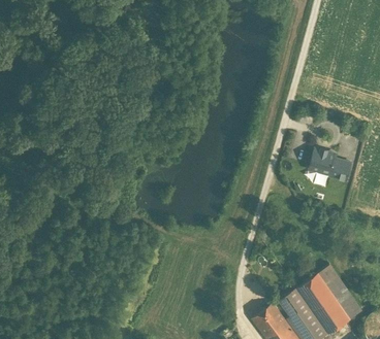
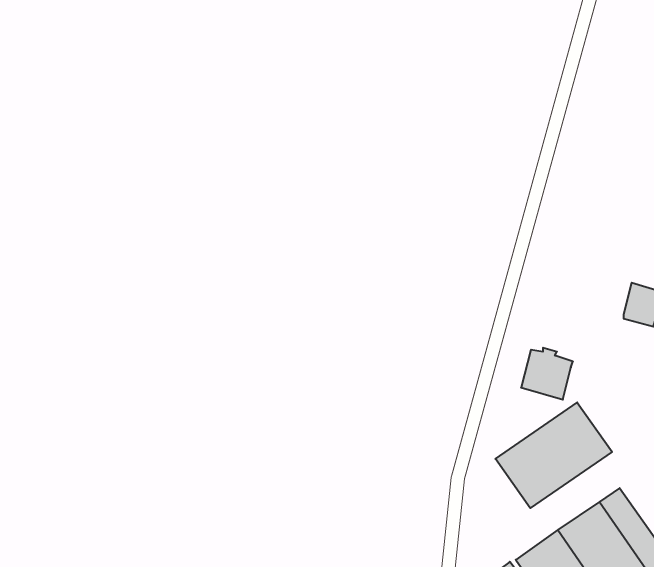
building: [310,150,337,177] -> [521,348,573,400]
building: none -> [495,402,612,508]

